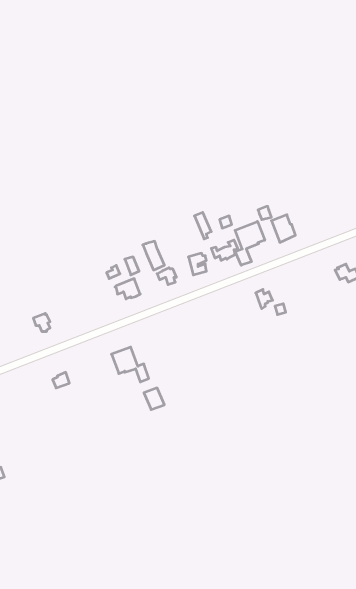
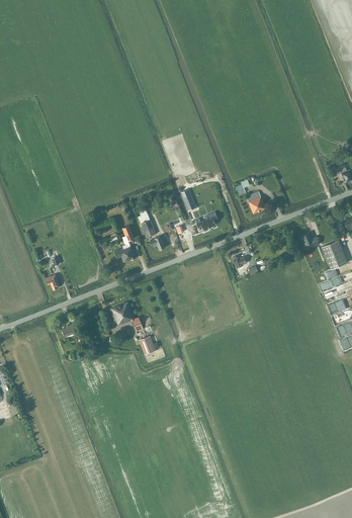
building: [235,221,265,265] -> none

